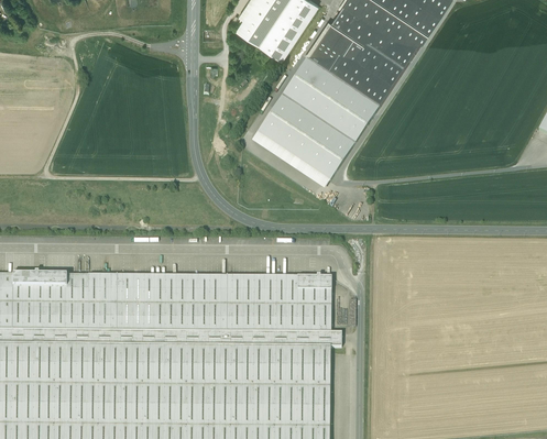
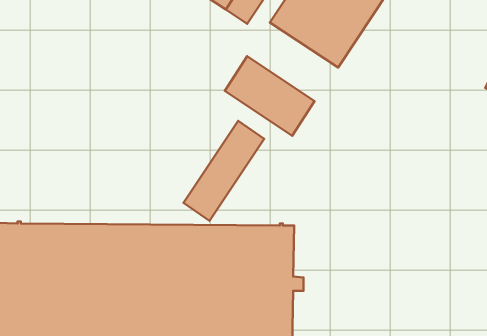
building: [281,57,379,142] -> none
building: none -> [184,121,264,221]

